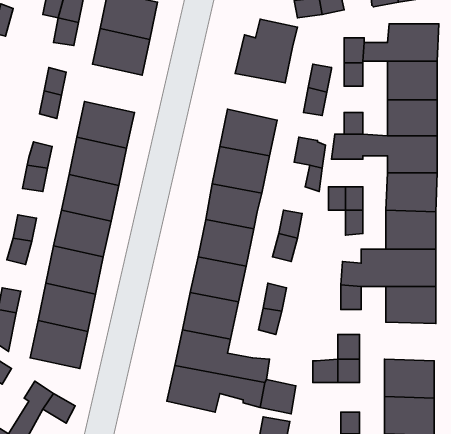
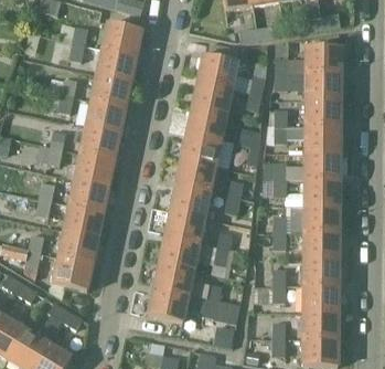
building: none -> [89,75,130,109]
building: none -> [191,82,232,115]
building: none -> [302,259,339,286]

